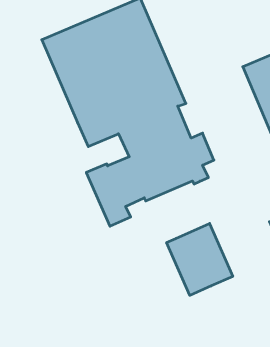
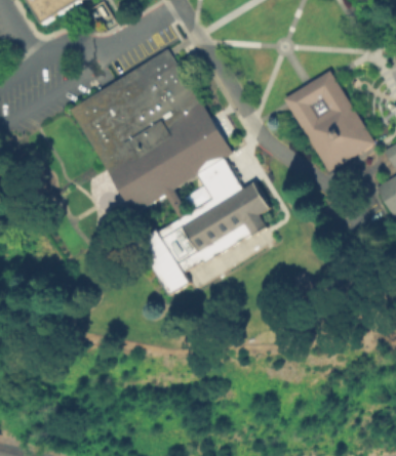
building: [167,223,233,295] -> none

